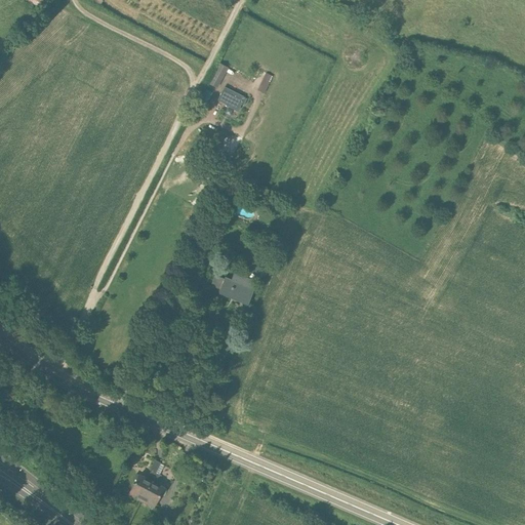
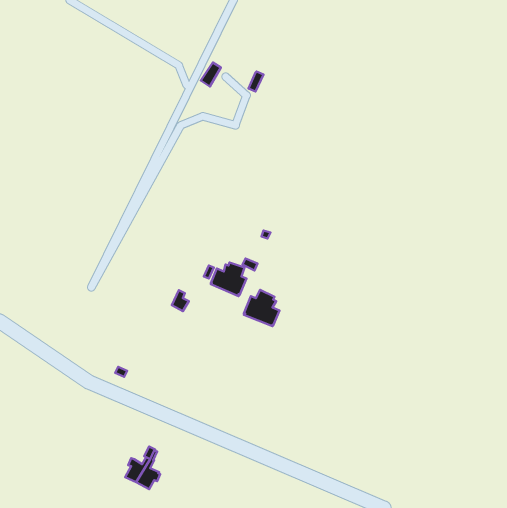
building: [216,87,246,113] -> none
building: none -> [244,290,280,326]

